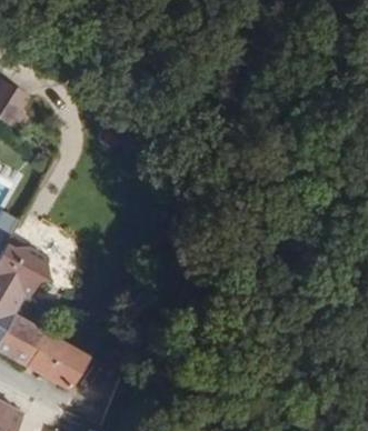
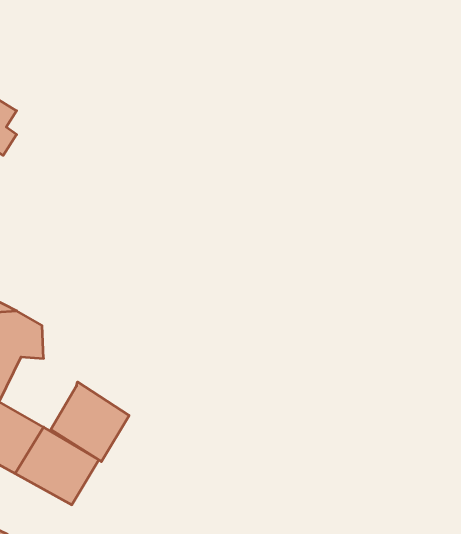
building: none -> [51,382,129,462]

